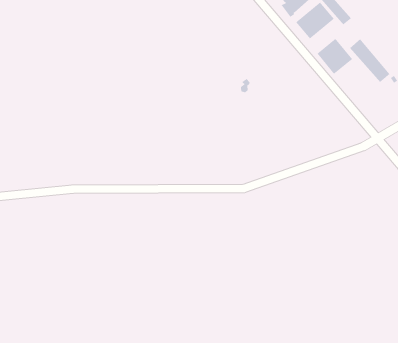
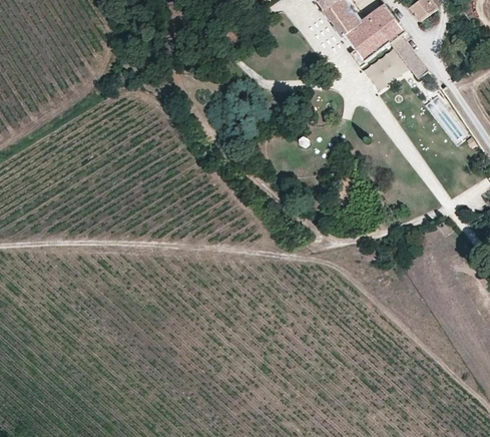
building: [317,38,353,75] -> none

